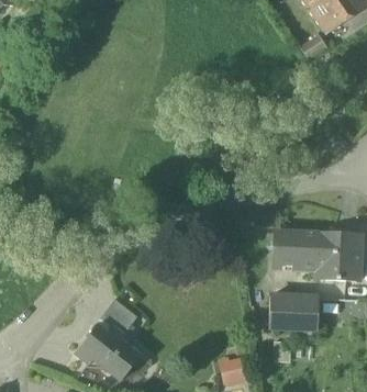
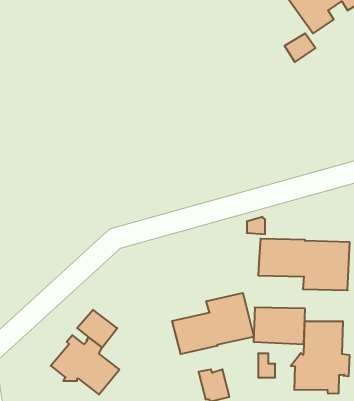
building: none -> [172,293,254,354]
building: none -> [291,321,349,394]

